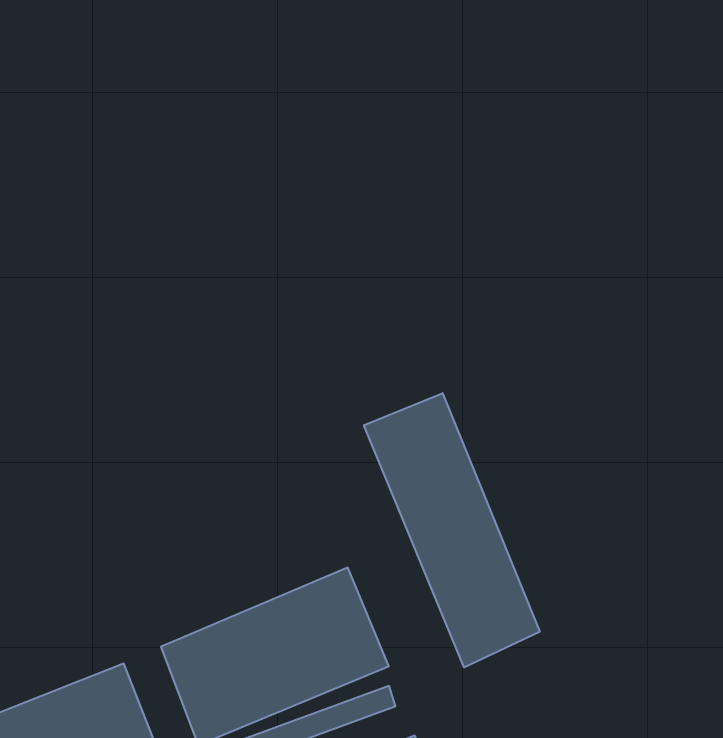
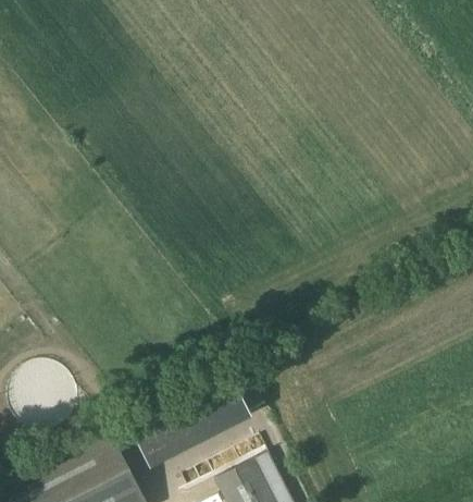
building: [364,393,540,667] -> none

